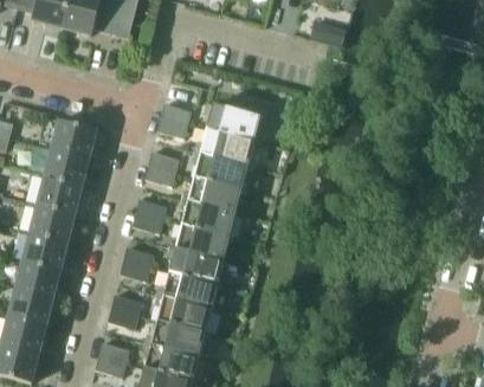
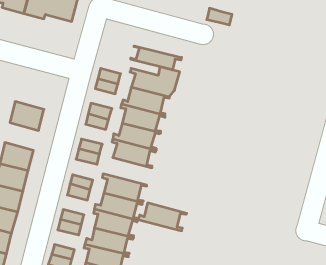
building: none -> [131,46,182,70]
building: [50,120,96,159] -> none
building: [36,176,82,214] -> none
building: [169,224,235,262] -> [138,203,187,231]

